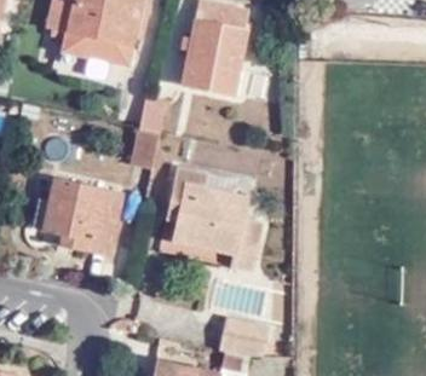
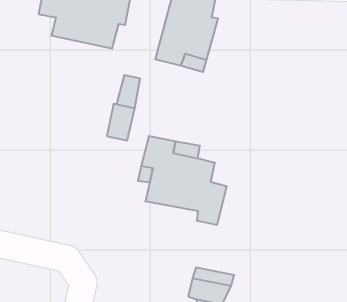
building: [39,177,119,256] -> none

